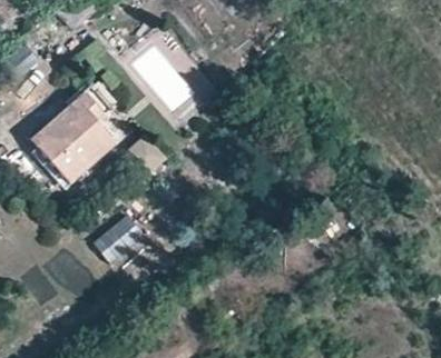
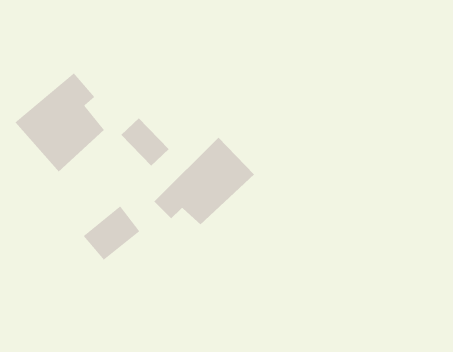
building: none -> [153,137,255,225]

